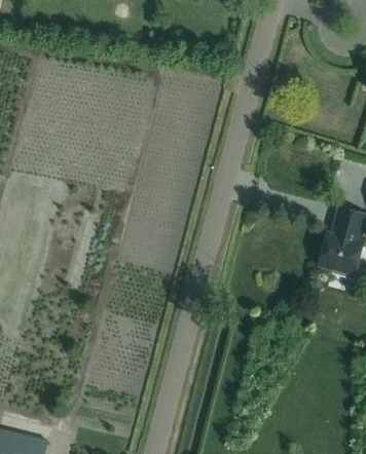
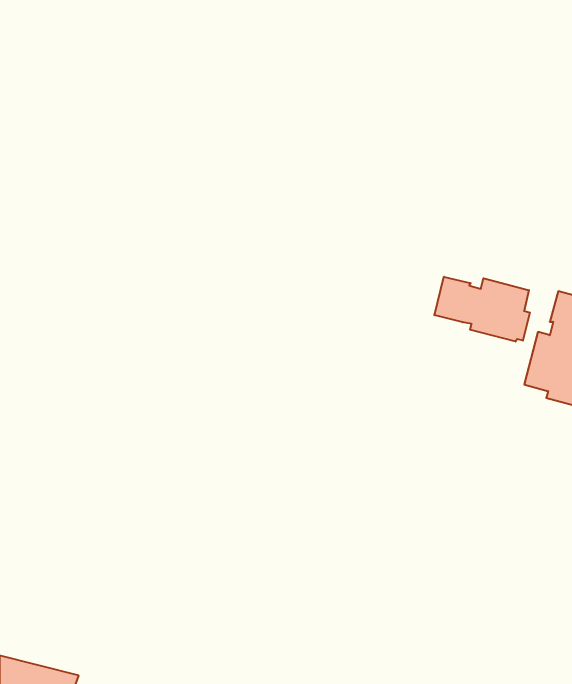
building: none -> [434,277,530,342]

